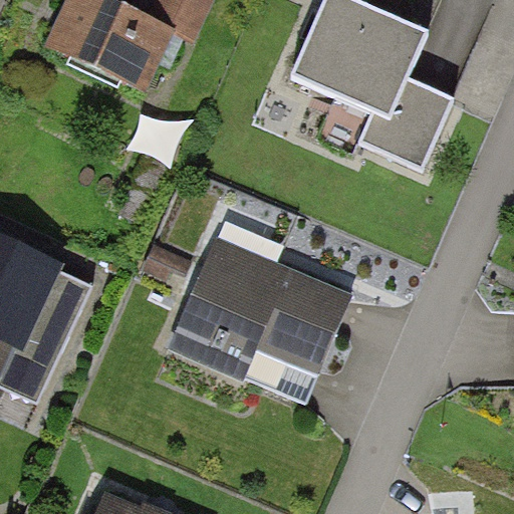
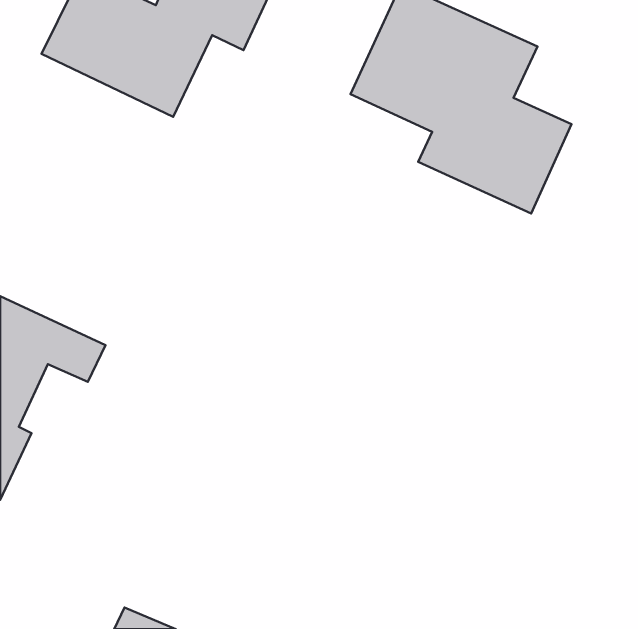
building: [167,233,357,407] -> none

